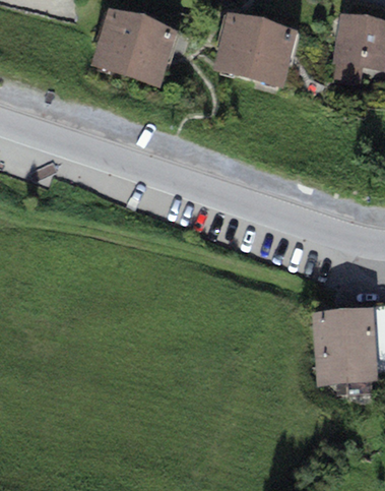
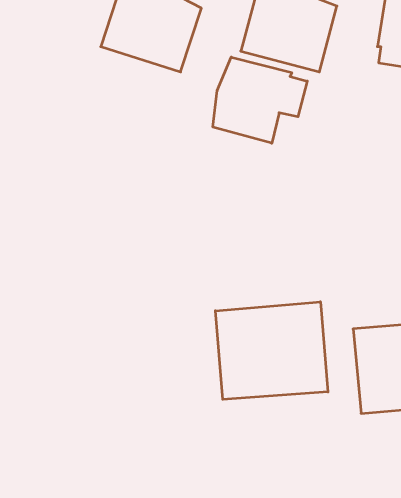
building: none -> [213,57,307,143]
building: none -> [215,302,328,399]

